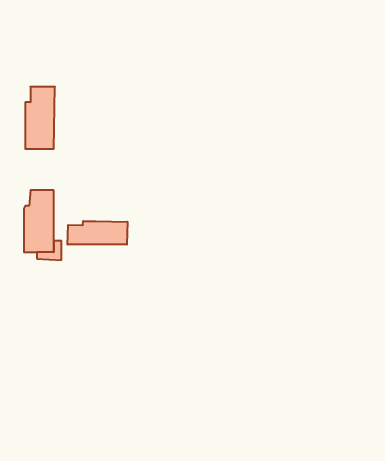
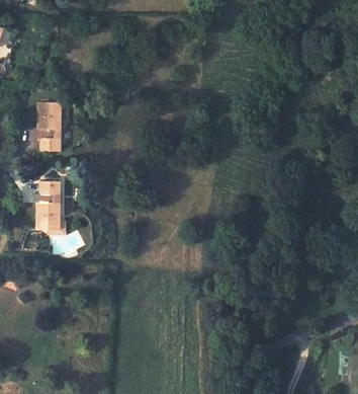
building: [68,221,127,245] -> none

